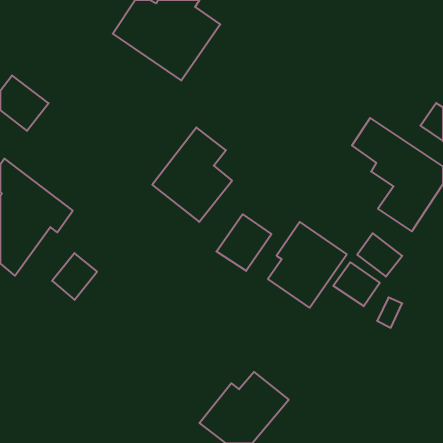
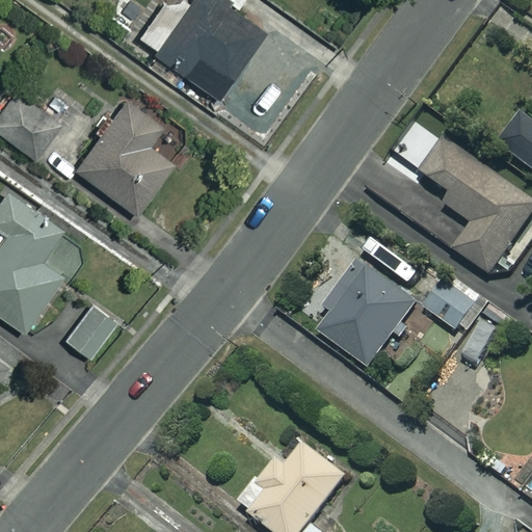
building: [152,127,232,222] -> [74,98,169,211]
building: [216,214,271,271] -> none
building: [333,262,380,306] -> none

